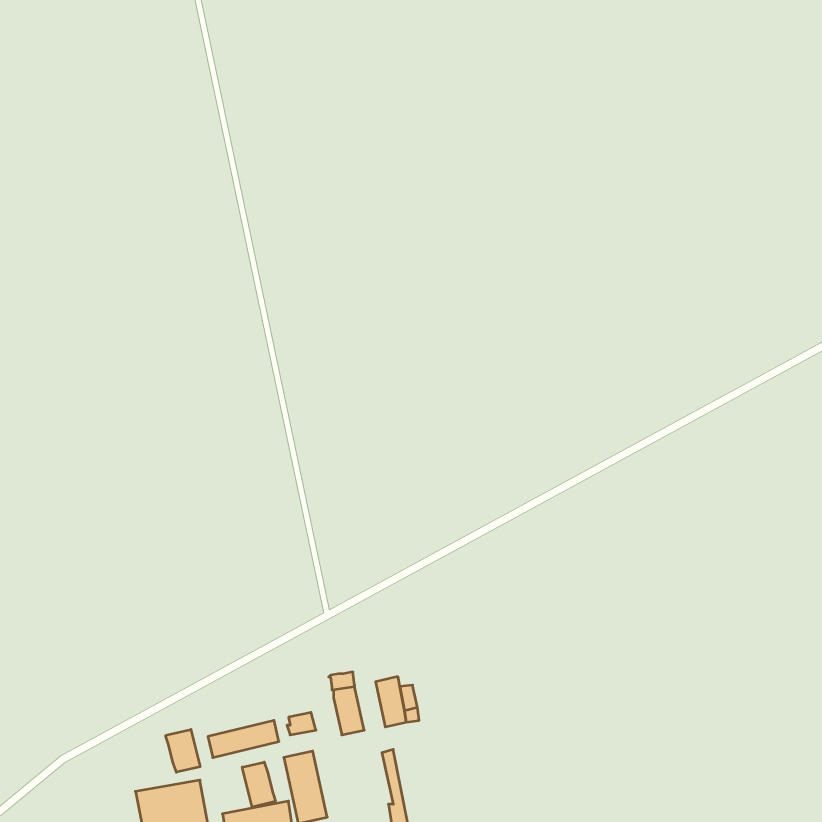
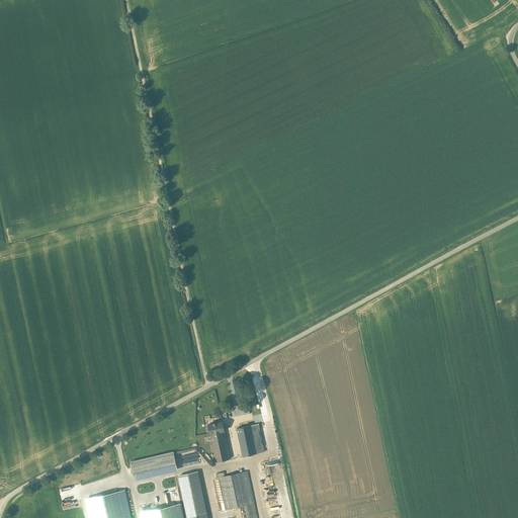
building: [166,729,200,772] -> none
building: none -> [218,473,247,510]
building: [242,762,275,807] -> none

